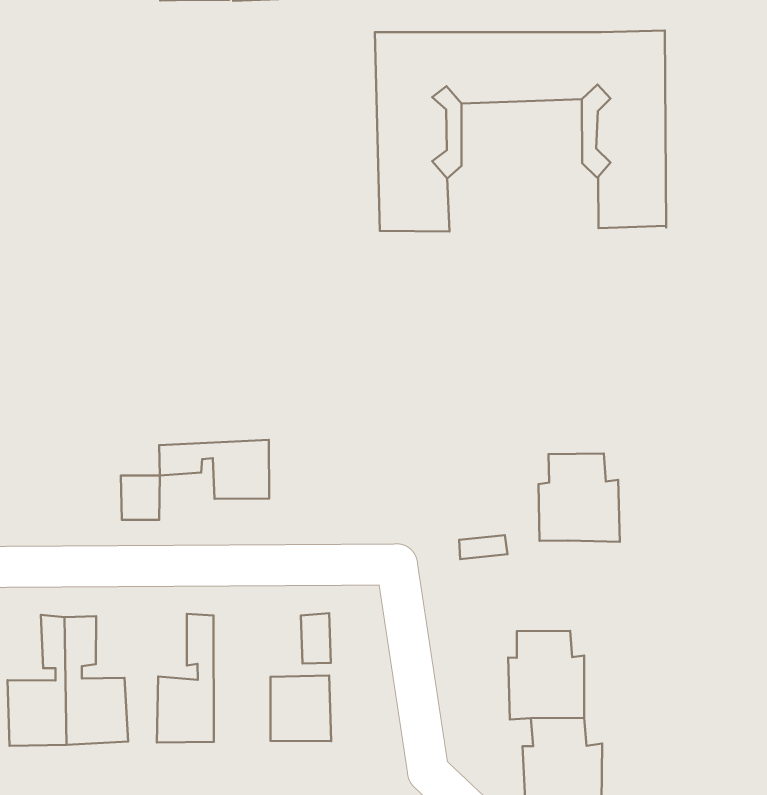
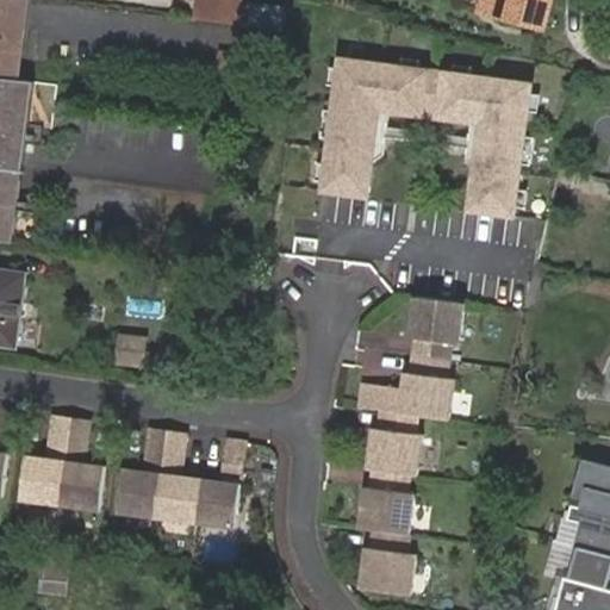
building: none -> [403,299,460,361]
building: [159,440,269,499] -> none
building: none -> [365,411,419,478]
building: none -> [157,432,201,522]

